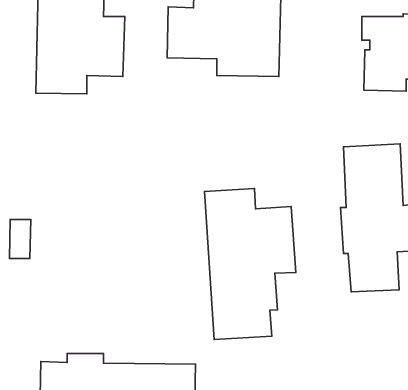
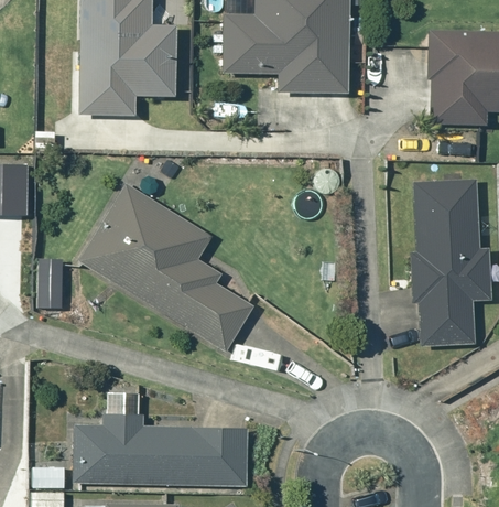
building: none -> [79,183,254,350]
building: [205,188,296,340] -> none

